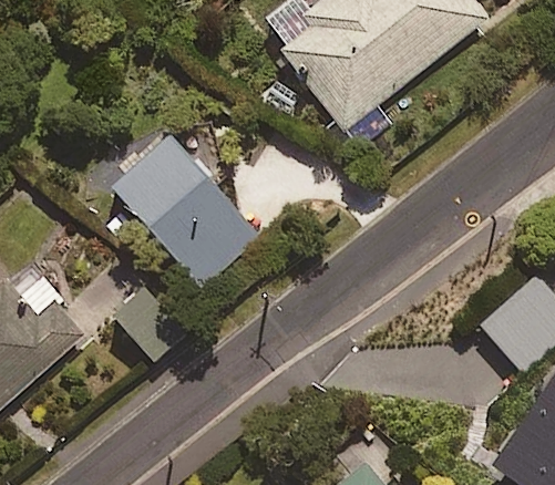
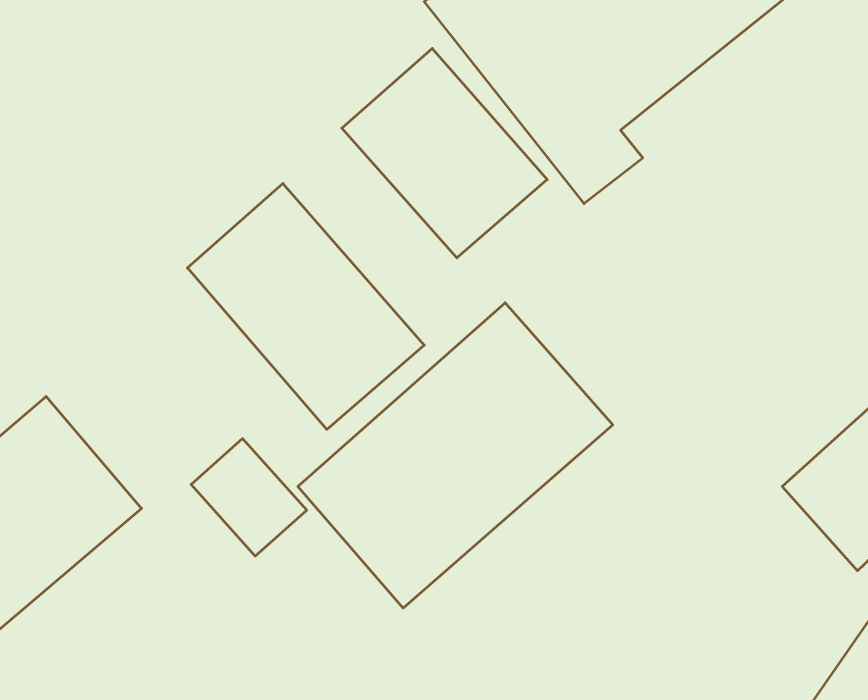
building: none -> [342,48,547,258]
building: none -> [298,303,613,608]

